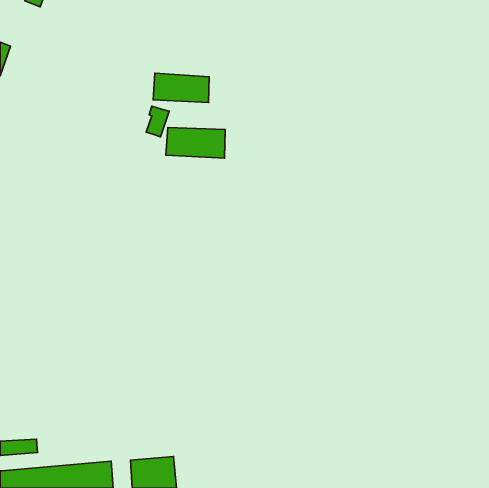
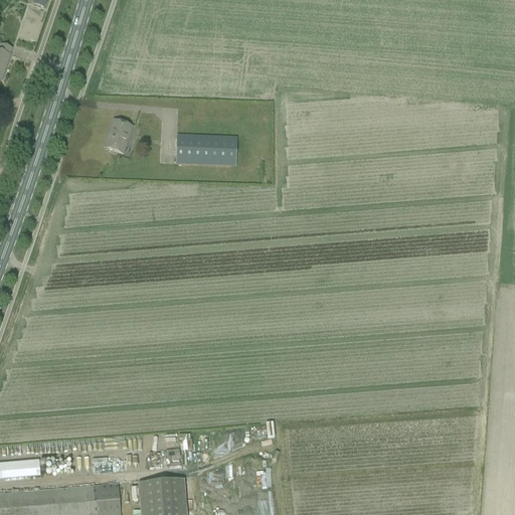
building: [153,73,209,103] -> none
building: [146,106,169,137] -> [108,121,132,153]

